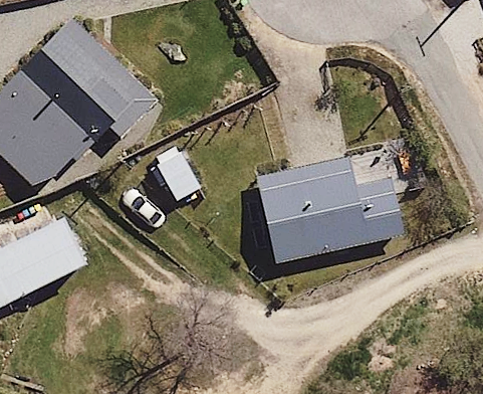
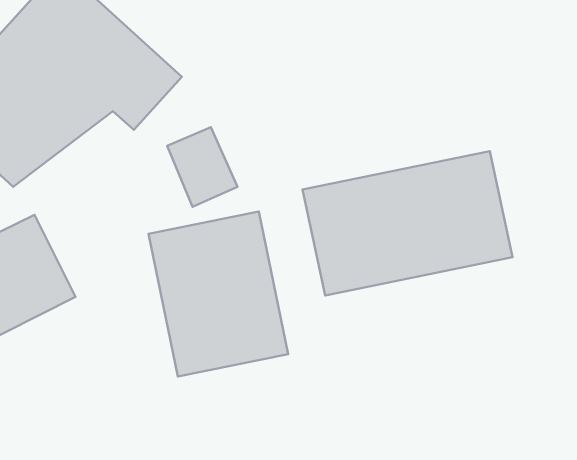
building: none -> [148,212,288,376]

